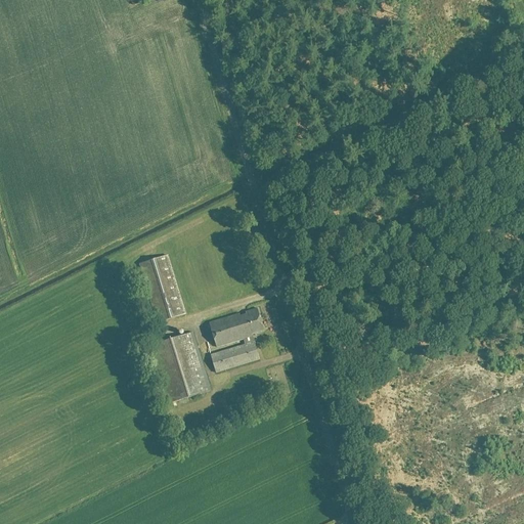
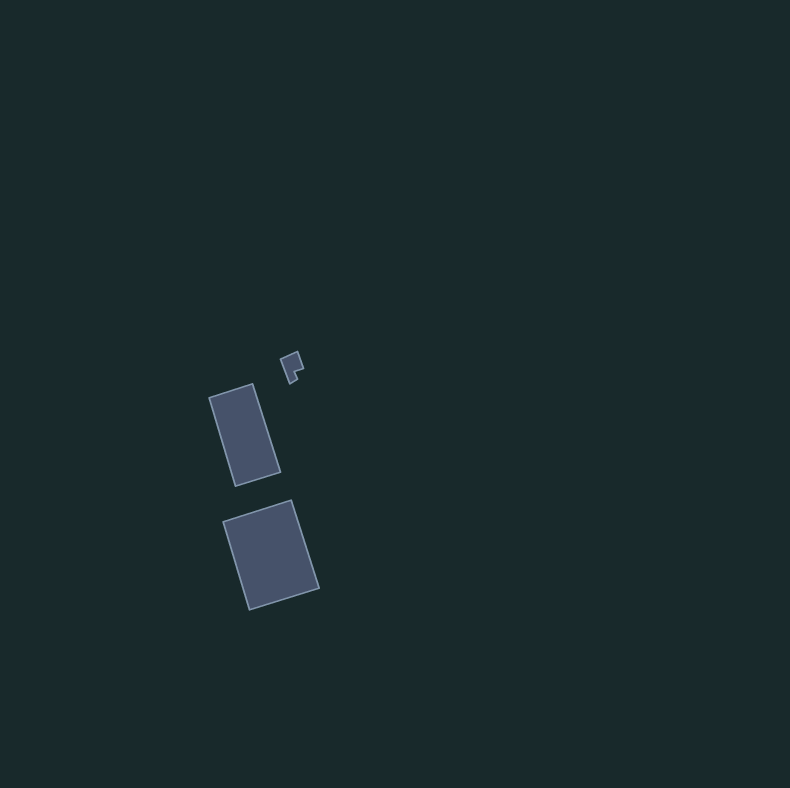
building: [208,307,263,346] -> none
building: [210,340,259,372] -> none

